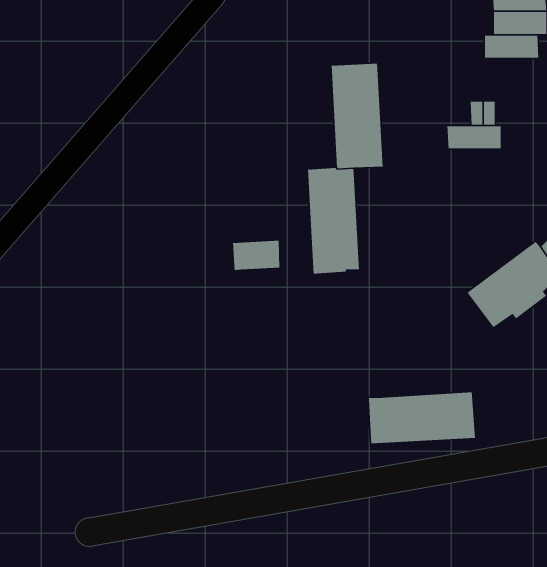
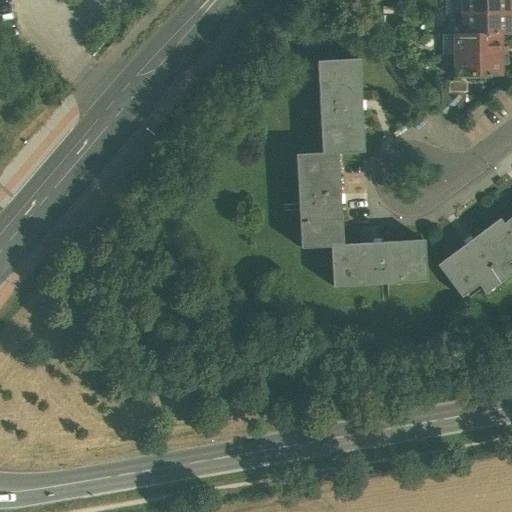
building: [447,126,502,149] -> [454,55,503,76]
building: [232,240,280,271] -> none
building: [368,392,476,444] -> [331,239,427,286]

